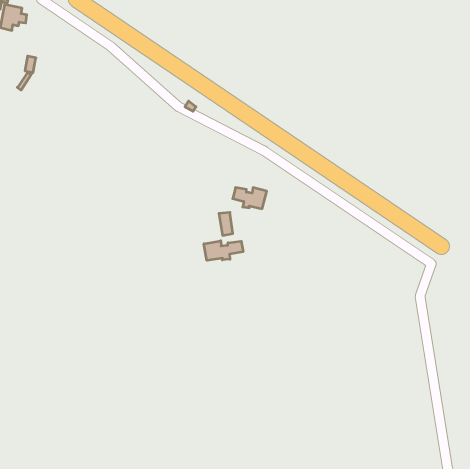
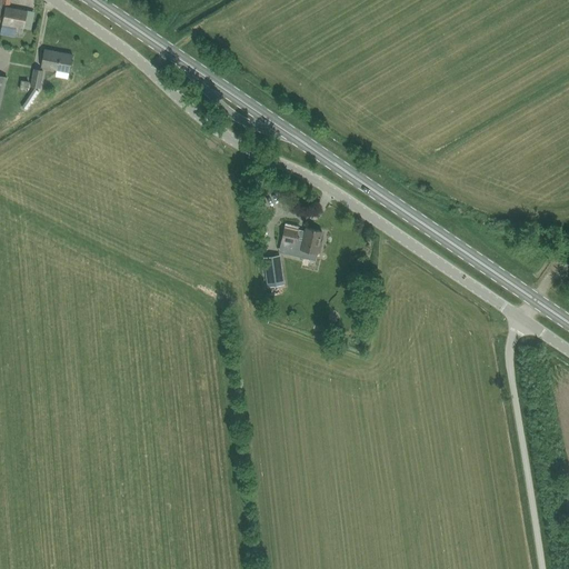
building: none -> [41,48,73,72]
building: [204,241,243,260] -> none

